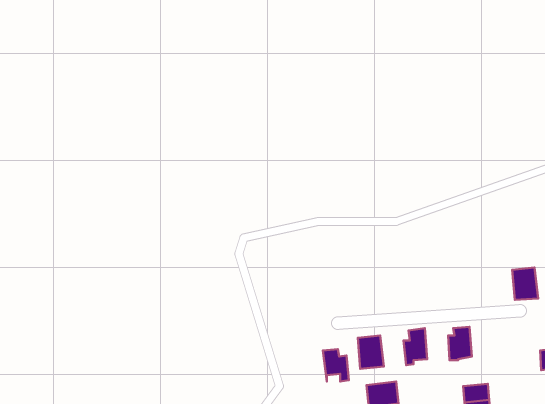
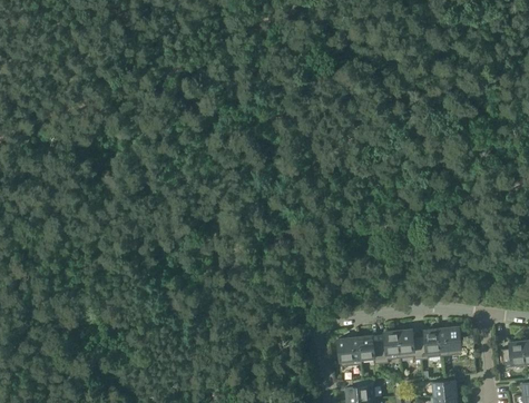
building: [512,267,538,300] -> [439,326,462,355]
building: none -> [399,328,421,360]
building: [323,349,349,381] -> [359,335,382,364]

